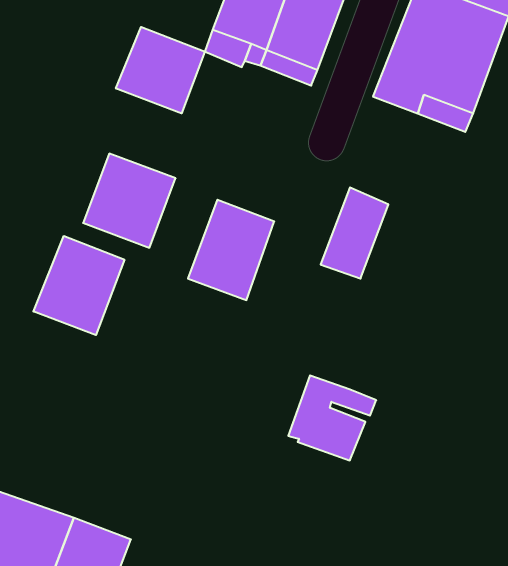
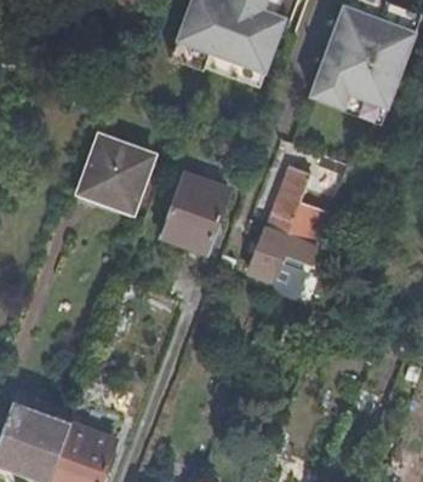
building: [116,27,205,113] -> none
building: [33,236,124,335] -> none
building: [288,375,376,460] -> [248,225,318,292]

